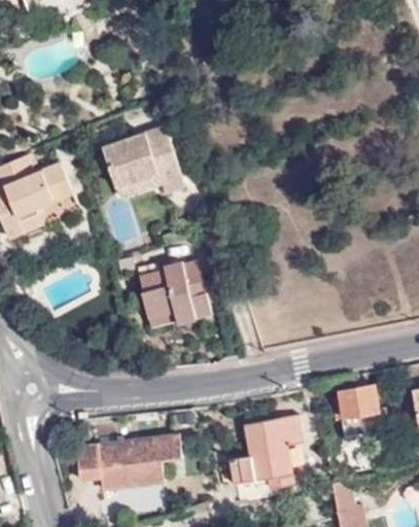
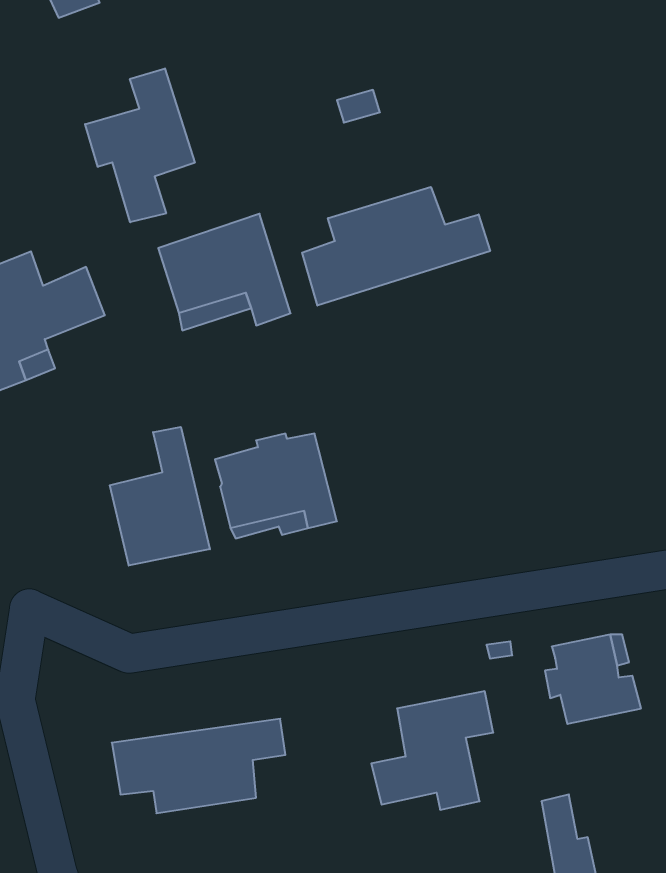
building: none -> [85,68,195,222]
building: none -> [302,187,490,306]
building: none -> [110,427,210,566]

